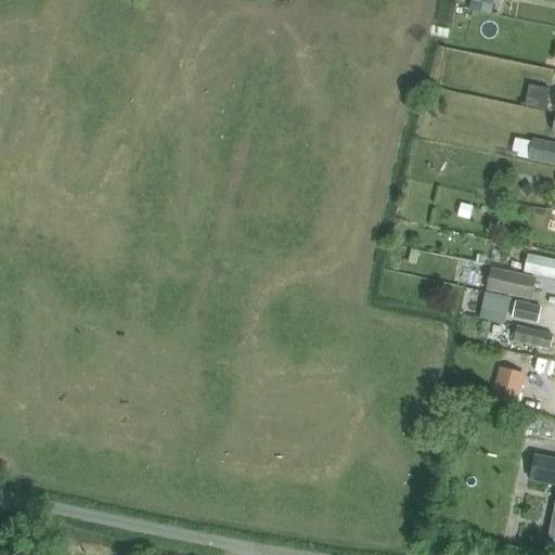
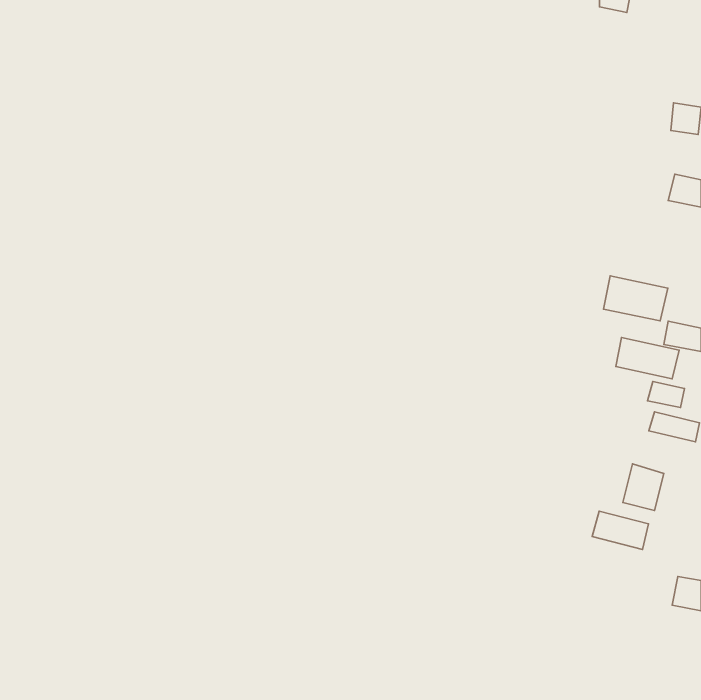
building: none -> [604,276,668,321]
building: [480,292,511,322] -> none
building: none -> [592,511,649,550]

